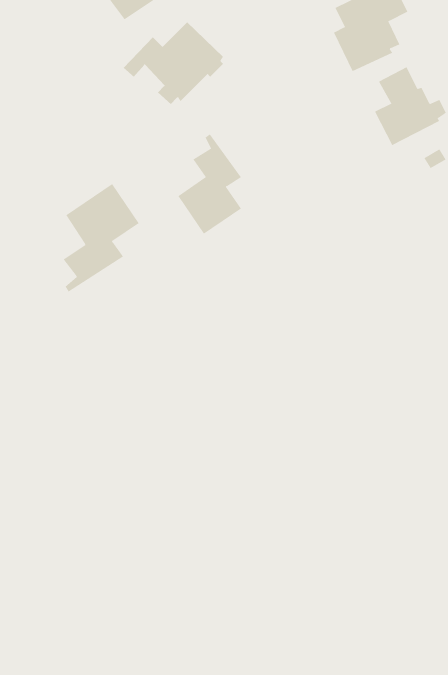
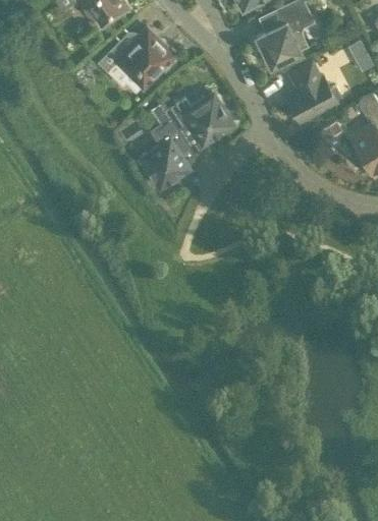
building: none -> [165,93,233,143]
building: [63,183,140,292] -> none

